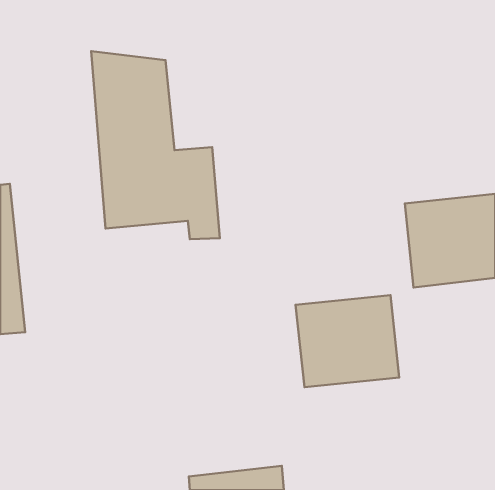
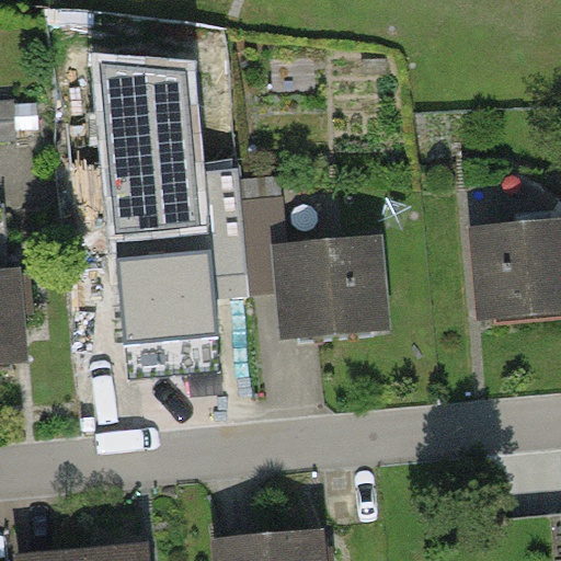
building: none -> [119,250,220,337]
building: [296,295,399,387] -> [260,238,377,342]

